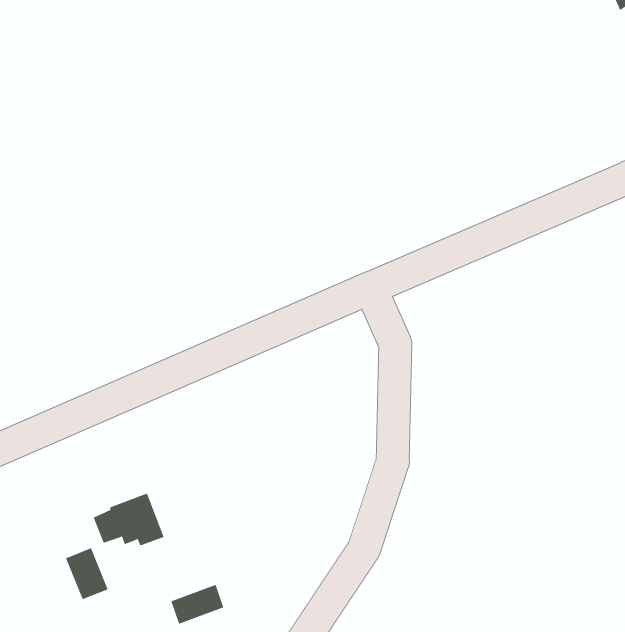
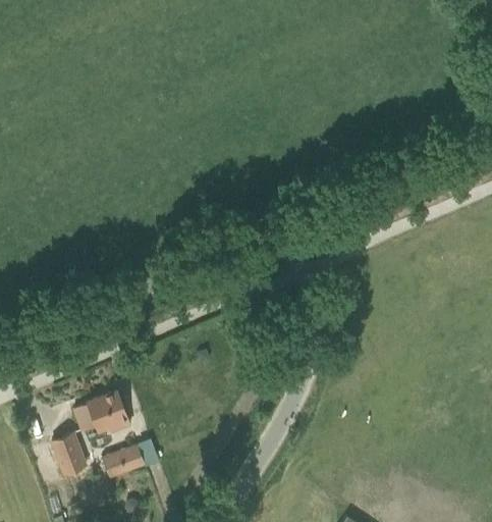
building: [171,584,224,625] -> [103,445,145,476]

